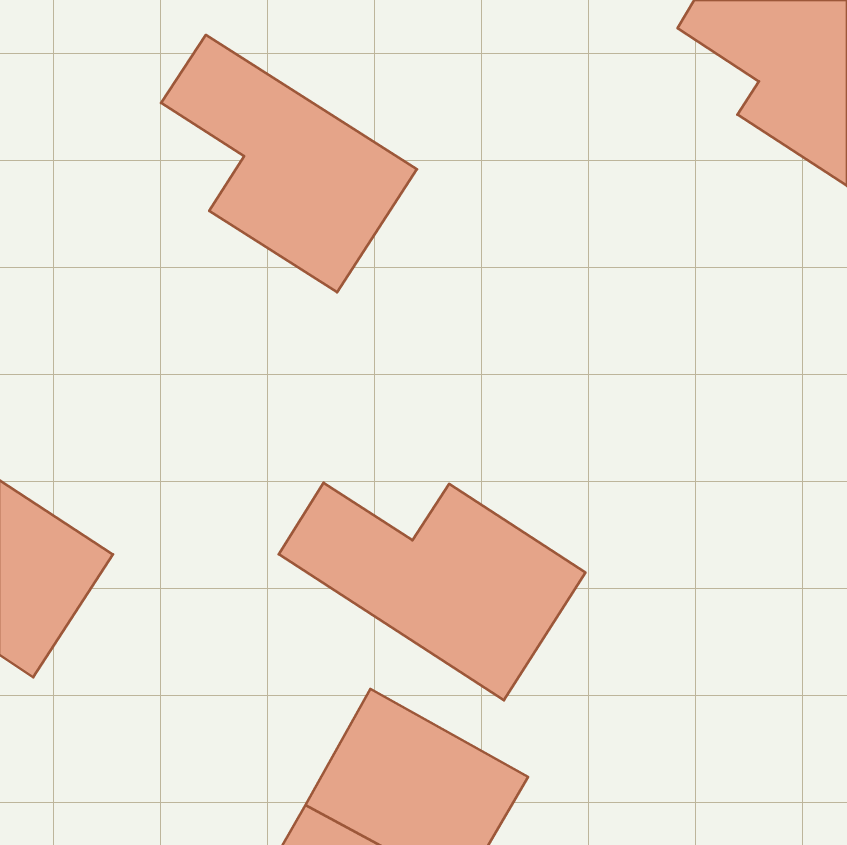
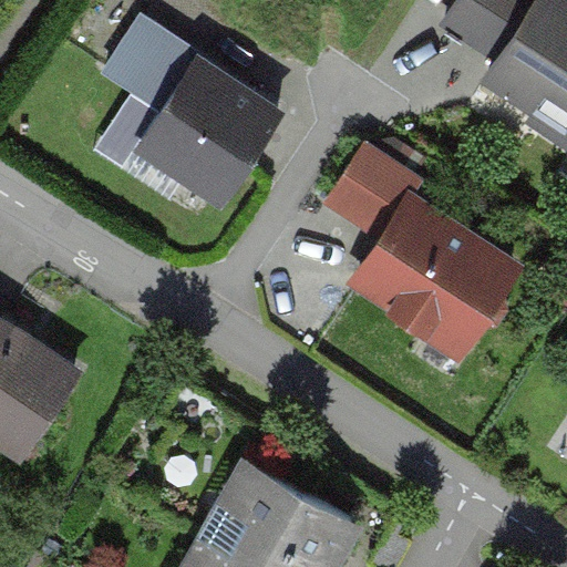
building: none -> [327,144,511,344]
building: [279,483,585,700] -> none

